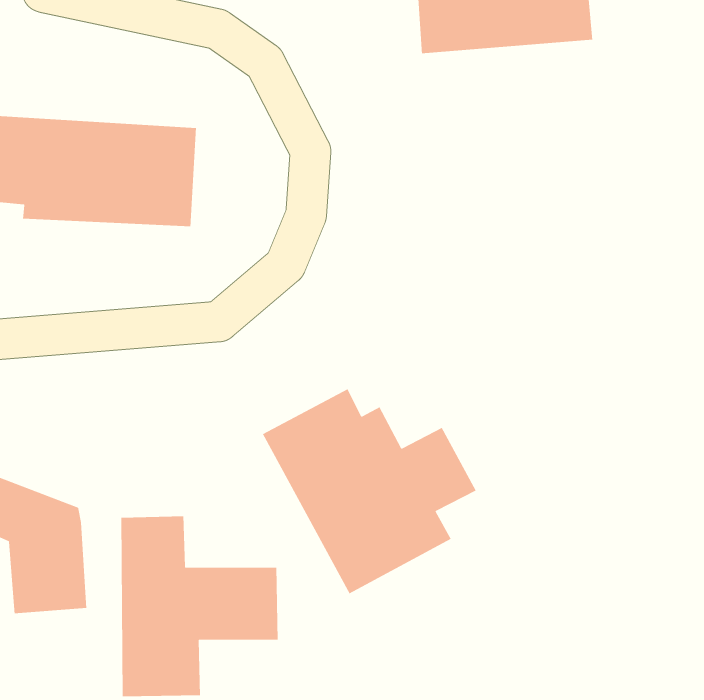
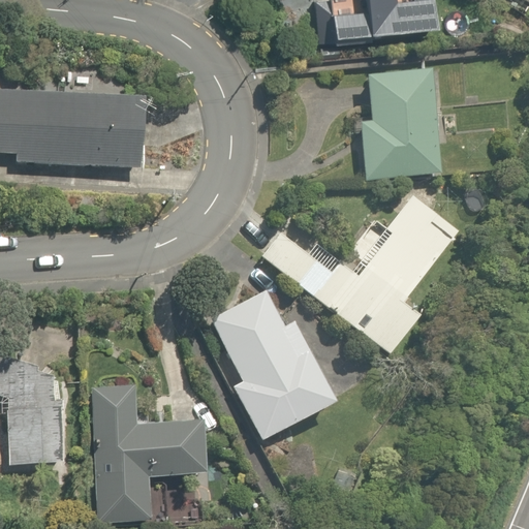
building: none -> [356,63,443,177]
building: none -> [299,199,462,357]

